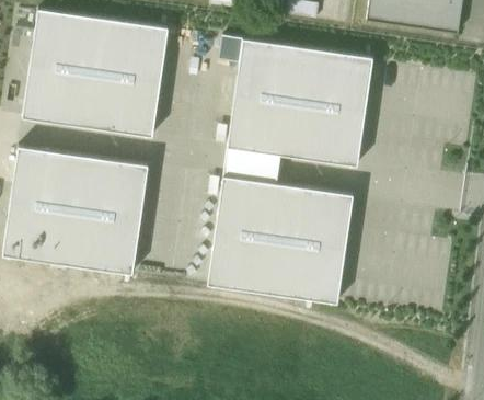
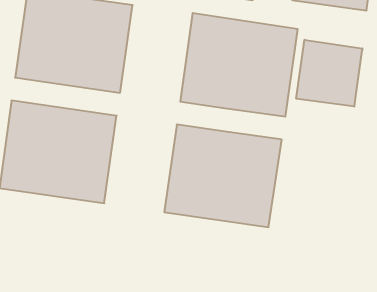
building: none -> [296,40,362,107]
building: [222,147,279,183] -> none

